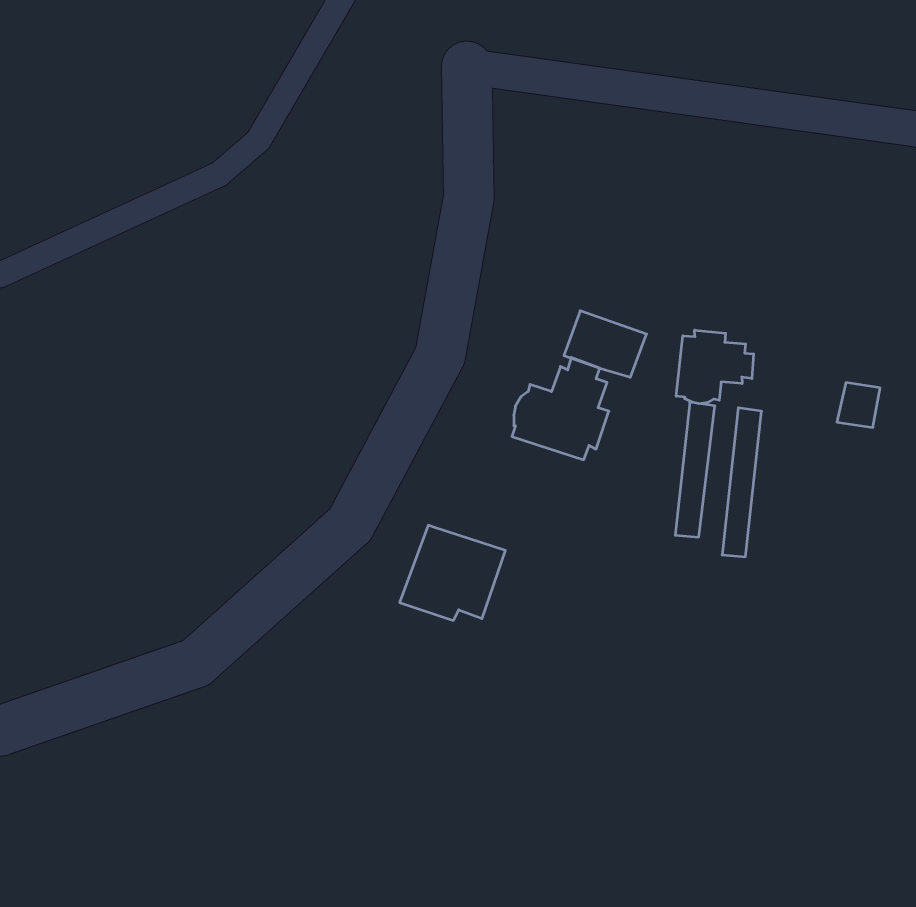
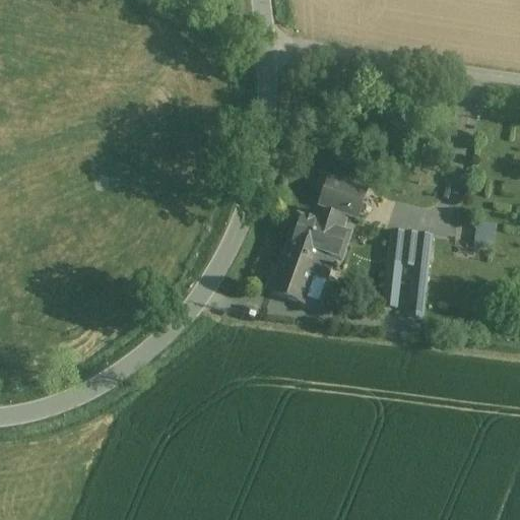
building: [676,330,754,404] -> none
building: [400,525,505,620] -> [271,246,331,300]

